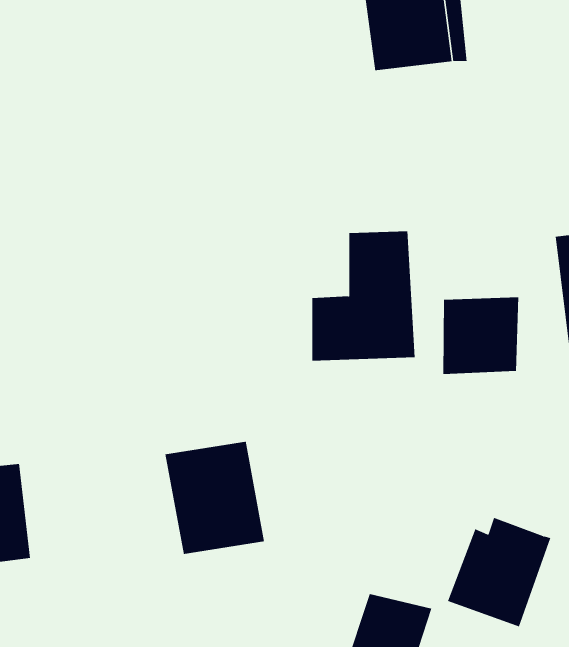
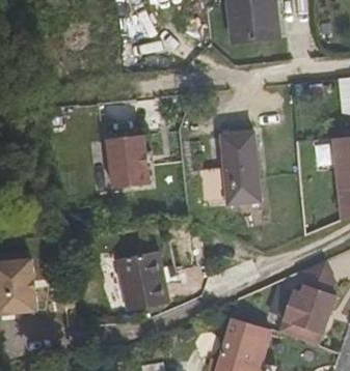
building: none -> [110,135,151,186]
building: [443,297,519,375] -> none
building: none -> [291,265,331,301]

